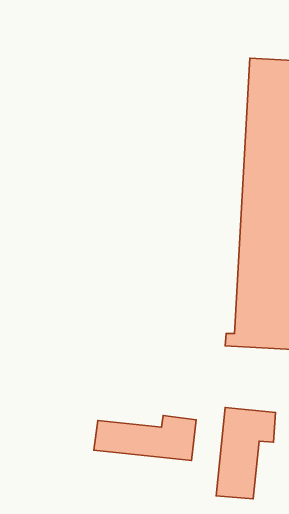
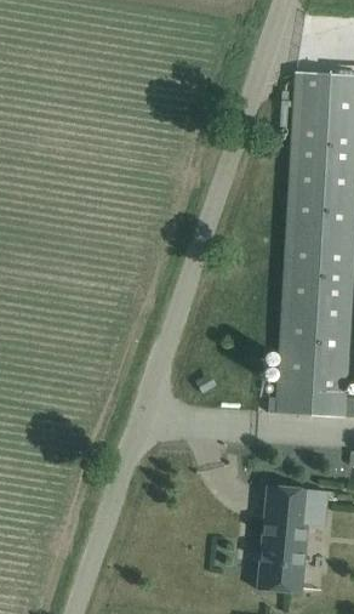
building: [94,415,196,460] -> none

